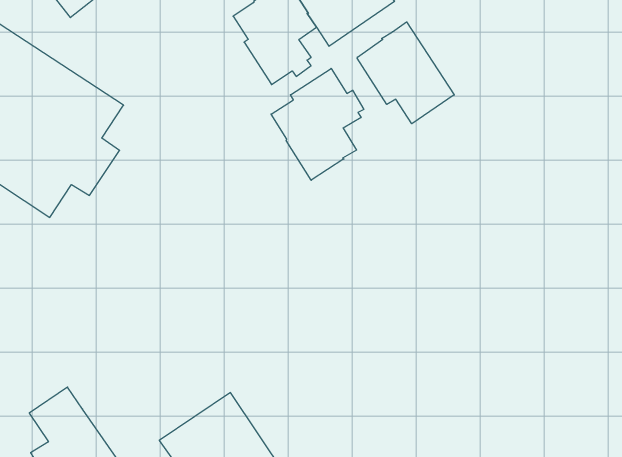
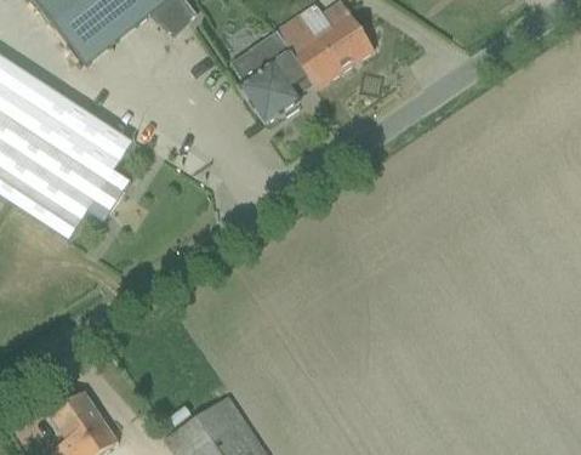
building: [357,22,454,124] -> none
building: [271,68,364,180] -> none

